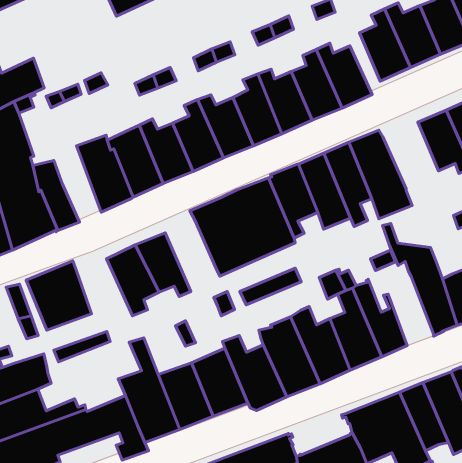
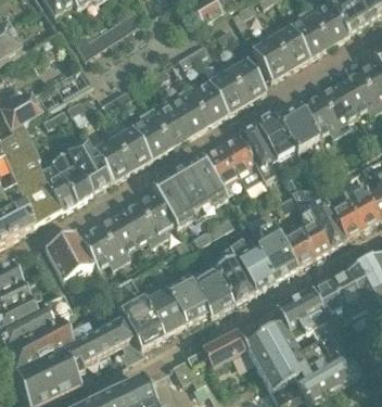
building: none -> [279,103,320,151]
building: none -> [53,149,92,201]
building: none -> [138,190,176,239]
building: none -> [80,224,123,266]
building: none -> [296,209,331,257]

